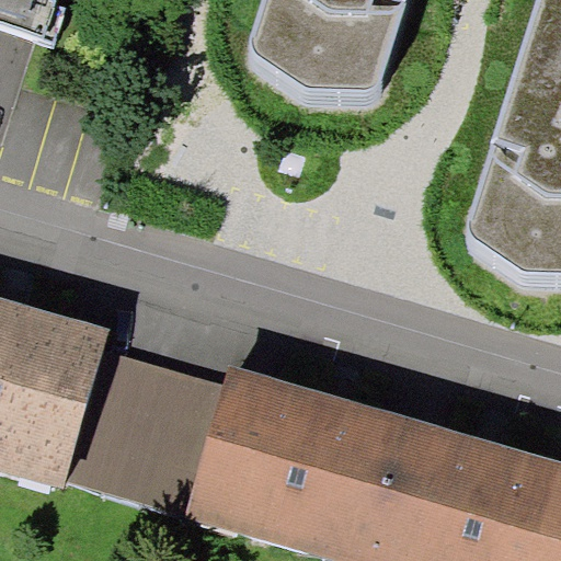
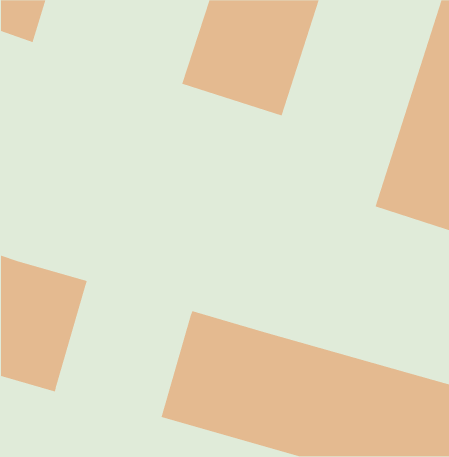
building: [80,350,243,511] -> none

